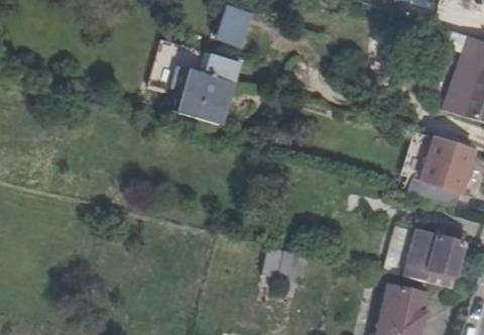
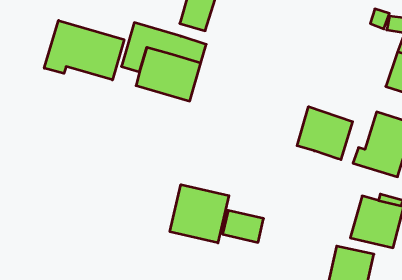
building: none -> [44,20,124,80]
building: none -> [297,107,353,160]
building: none -> [170,185,229,243]

